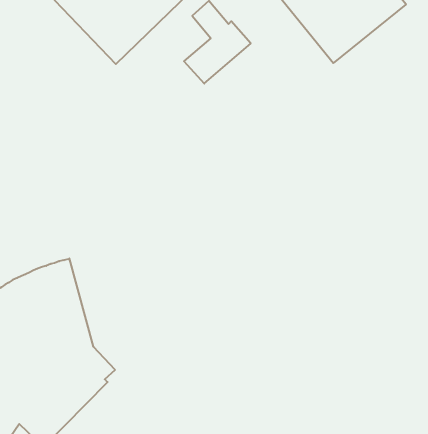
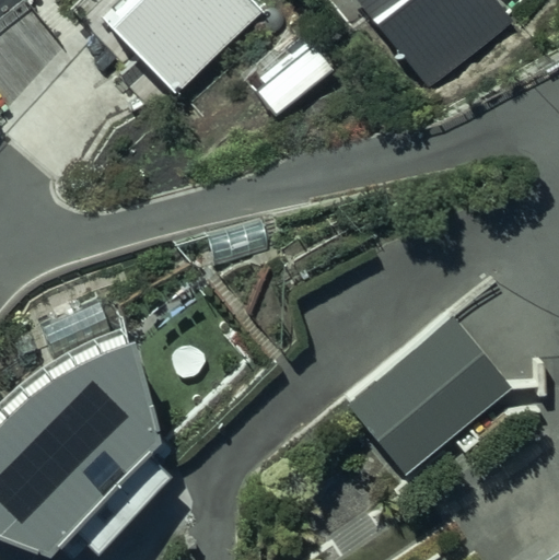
building: none -> [343,307,514,472]

